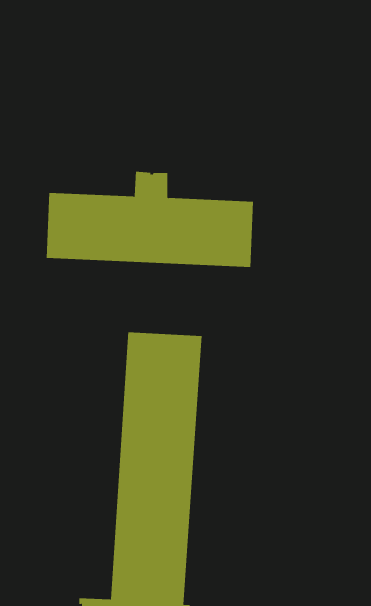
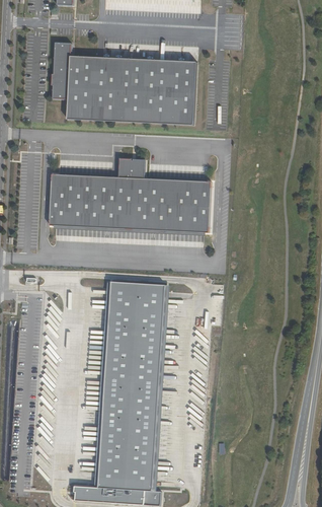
building: none -> [51,37,195,118]

